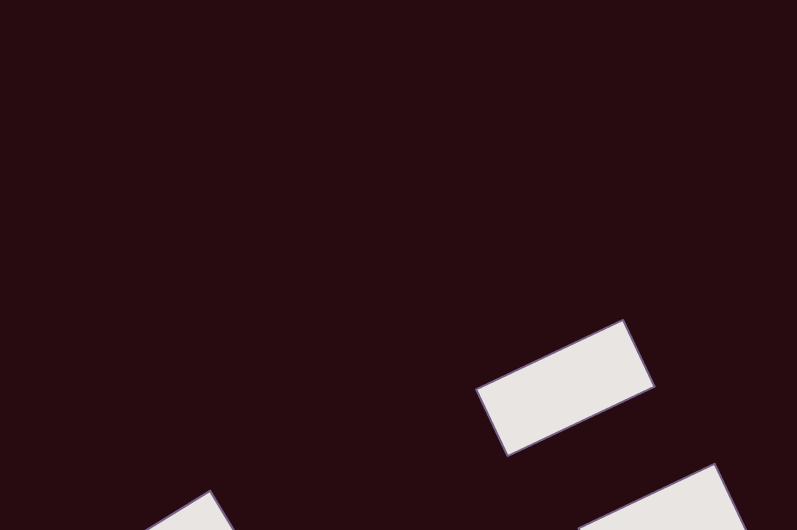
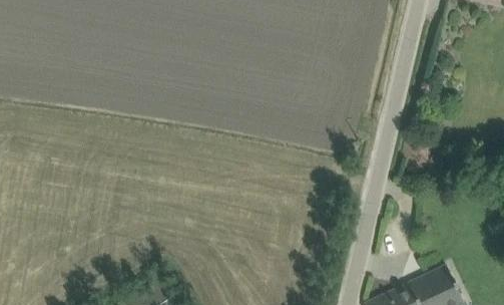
building: [476,320,655,456] -> none

